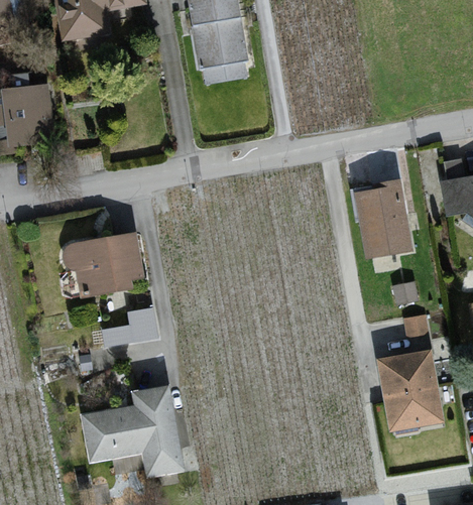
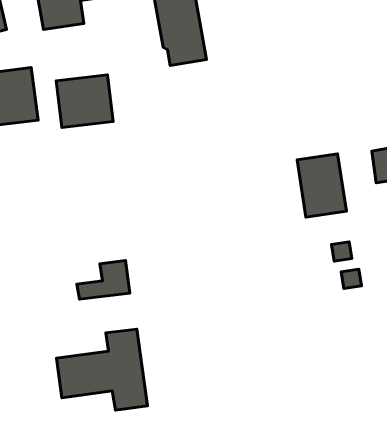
building: none -> [56,75,113,127]
building: [68,230,144,289] -> none
building: [377,348,443,428] -> none

